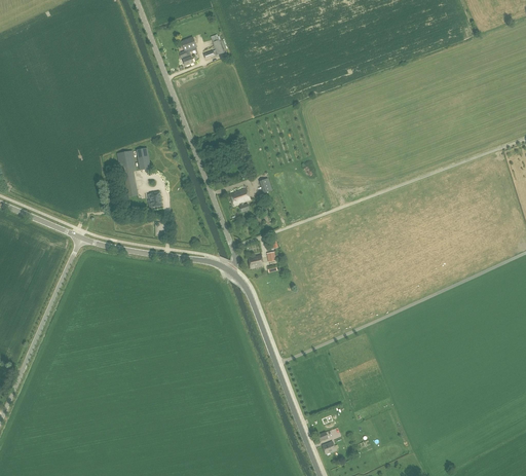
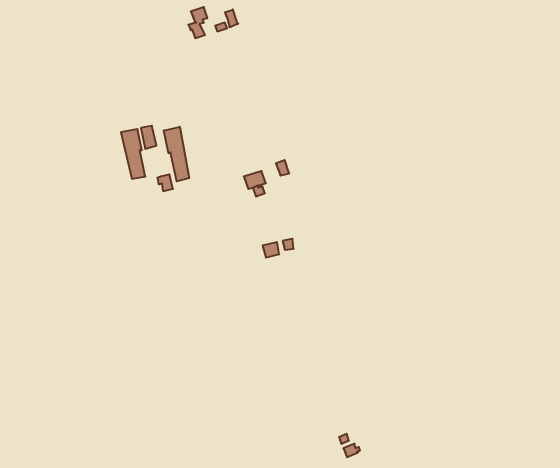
building: none -> [164,127,189,181]

